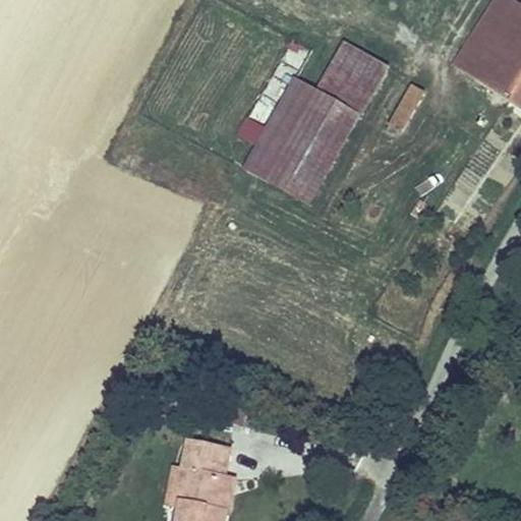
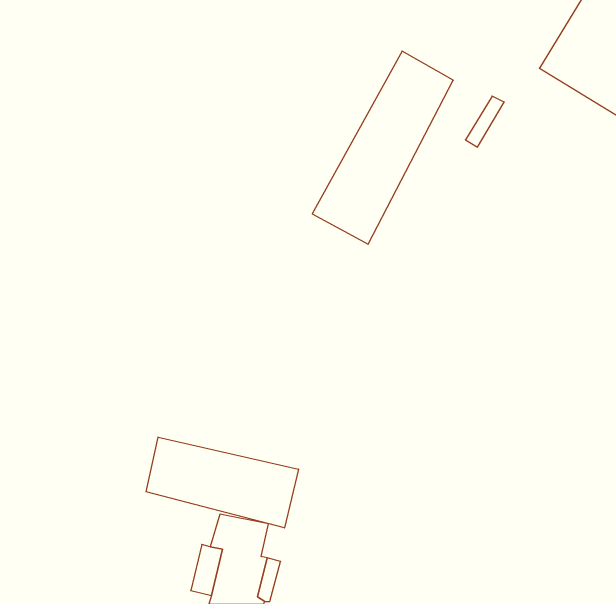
building: [244,103,302,179] -> none
building: none -> [146,437,298,528]

